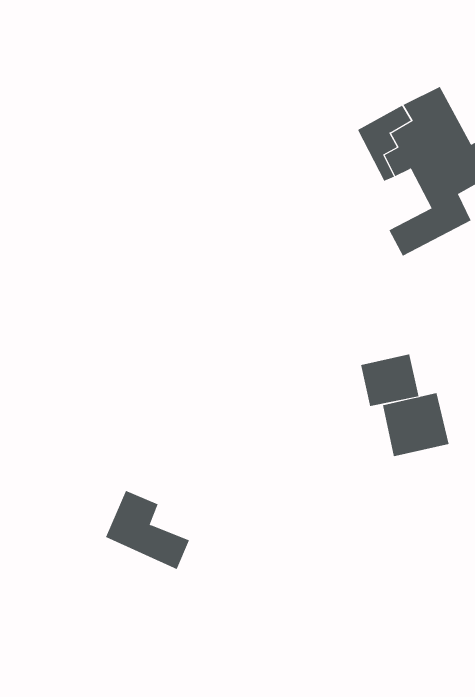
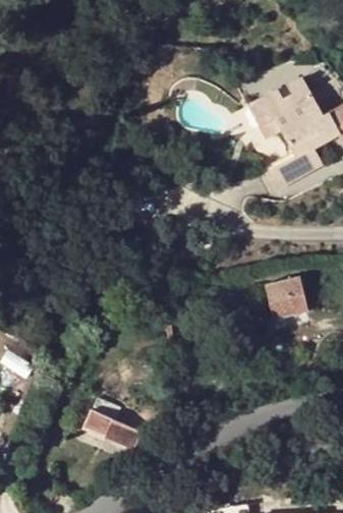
building: [361,353,419,407] -> none
building: [105,490,190,570] -> [87,399,141,451]

